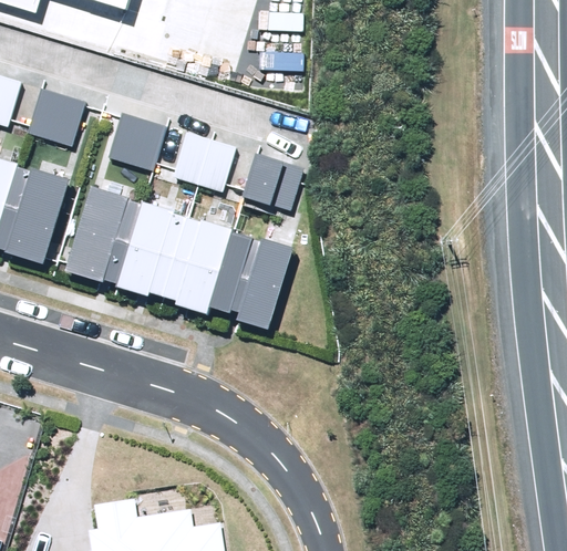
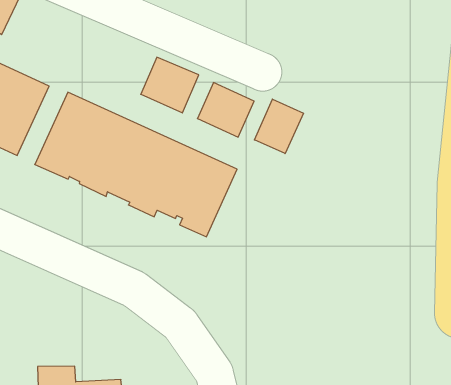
building: [28,90,84,146] -> none
building: [107,113,166,171] -> none
building: none -> [254,99,304,154]

